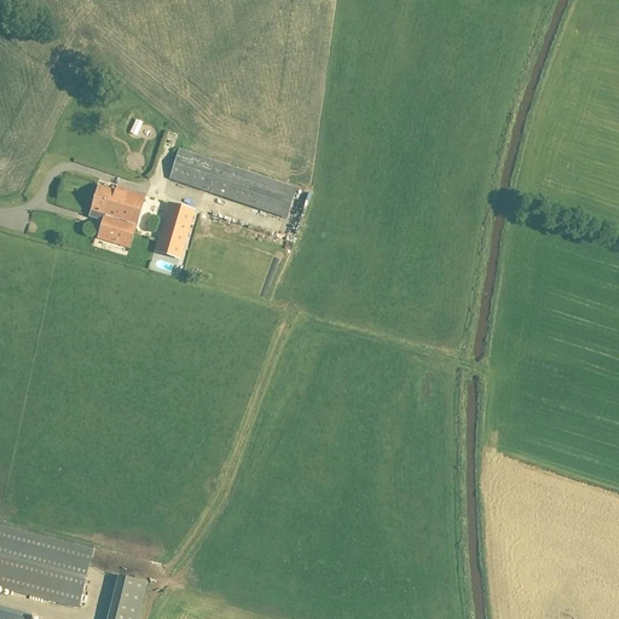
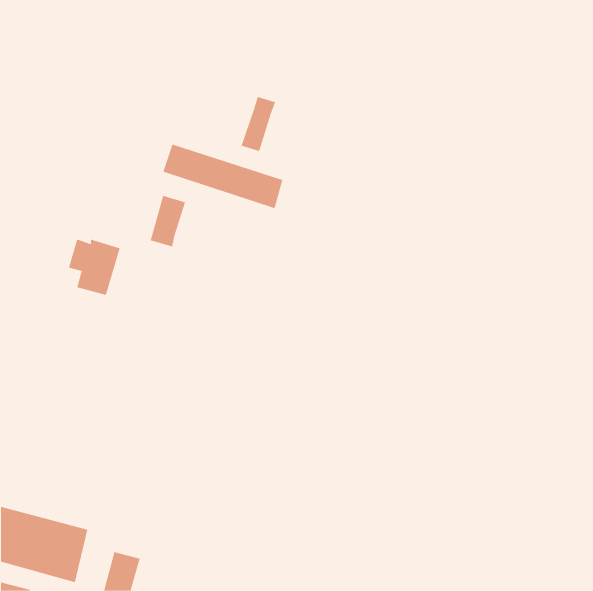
building: none -> [241,96,276,152]
building: [89,186,144,245] -> [68,239,120,296]

